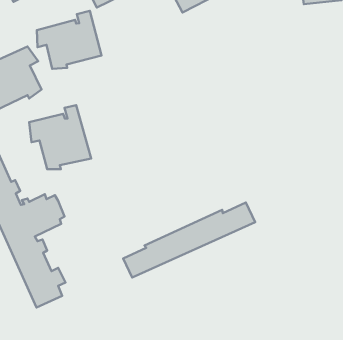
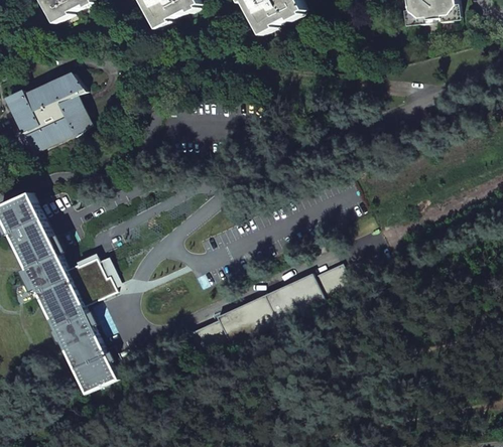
building: [37,11,101,69] -> none
building: [29,105,91,169] -> none

